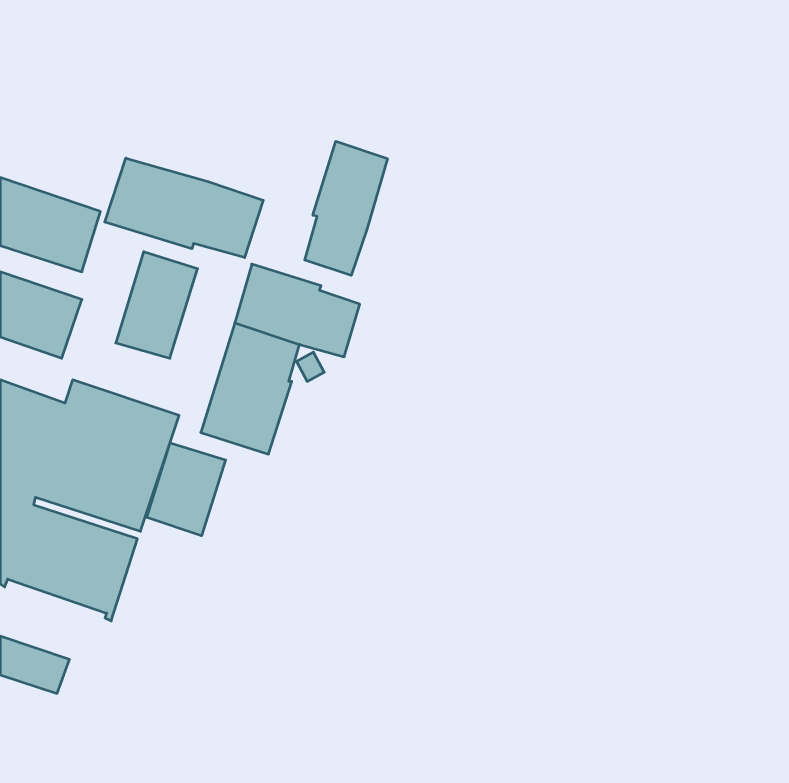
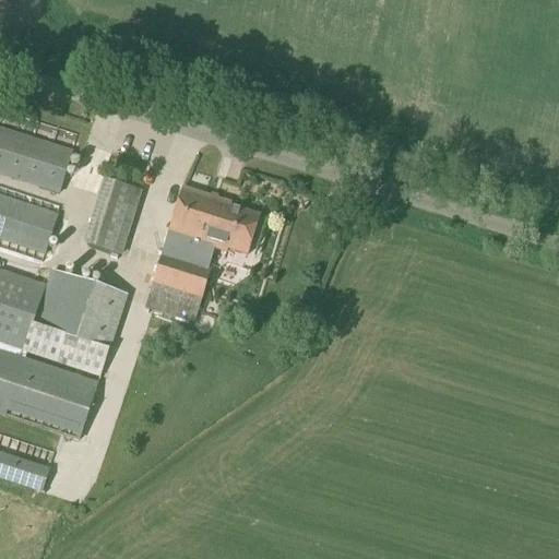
building: [305,141,387,275] -> none
building: [105,158,263,258] -> none
building: [147,443,226,536] -> none

